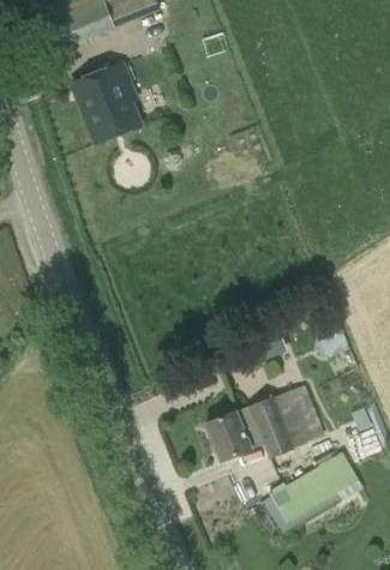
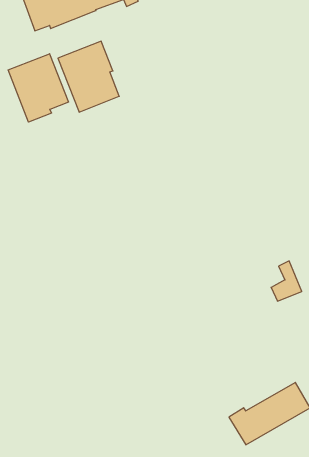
building: none -> [8,54,68,122]
building: [204,384,324,463] -> none

